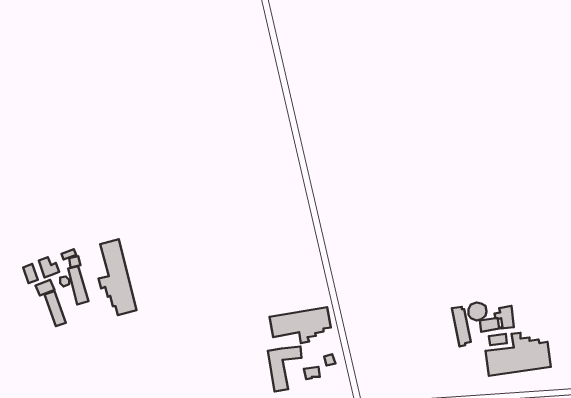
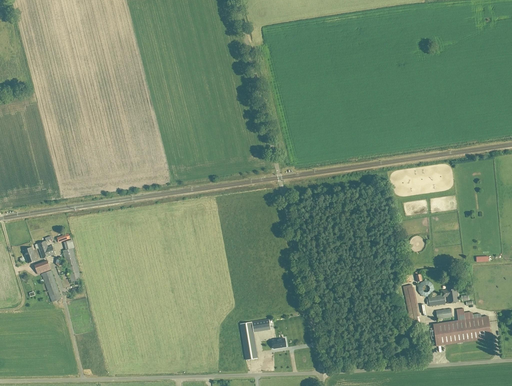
building: [98,239,136,315] -> none
building: [270,307,331,343] -> none

